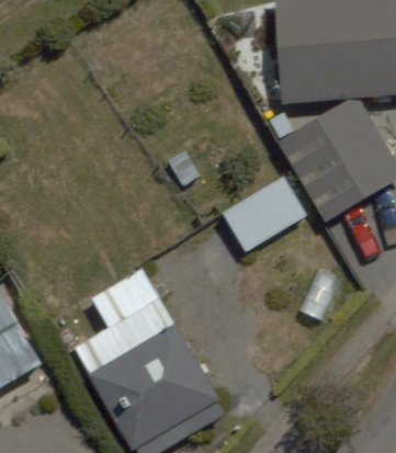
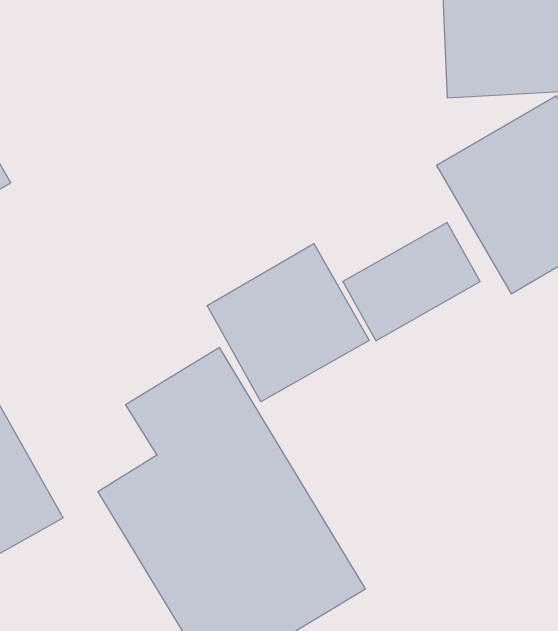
building: none -> [207,244,369,402]

